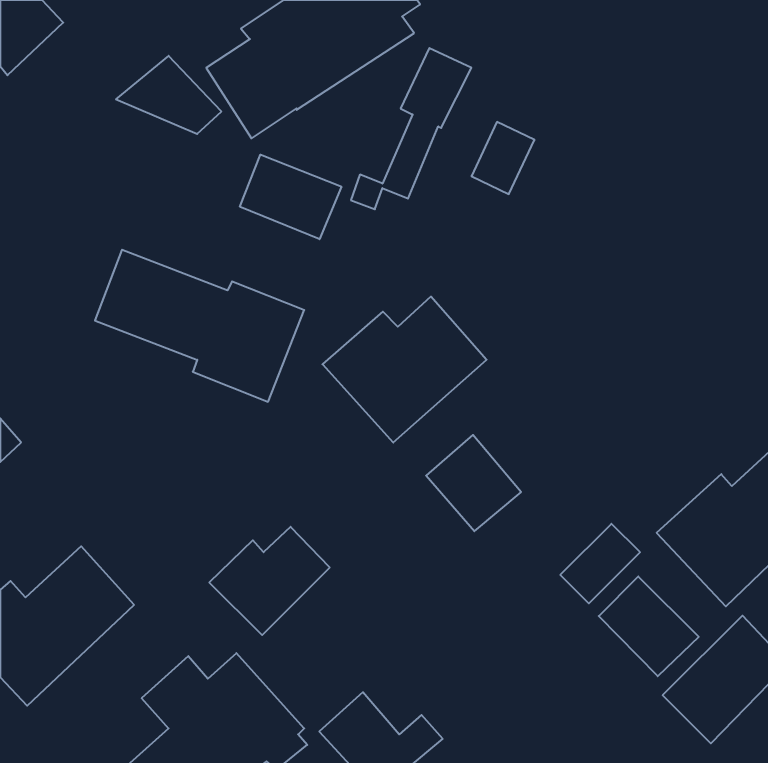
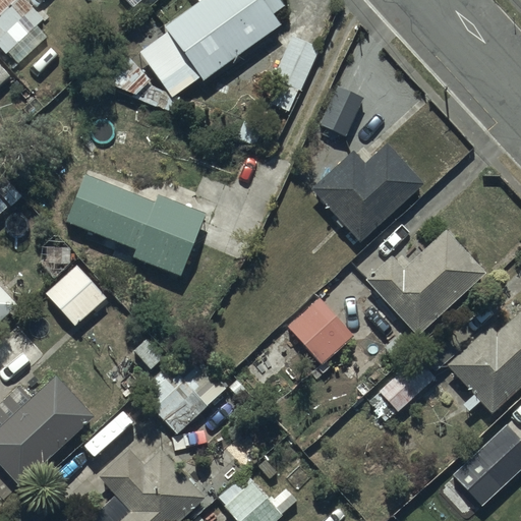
building: [240,155,341,239] -> none
building: [322,297,487,443] -> [312,141,423,240]
building: none -> [365,231,483,335]
building: none -> [46,267,106,327]
building: [599,576,699,676] -> none

